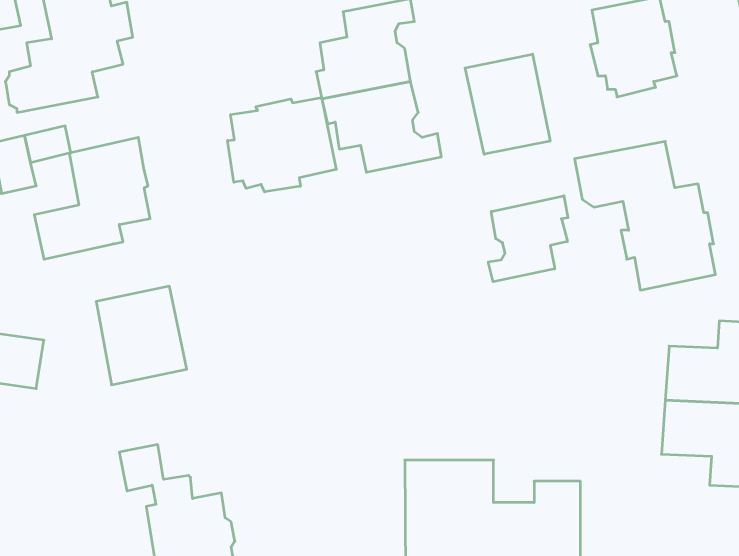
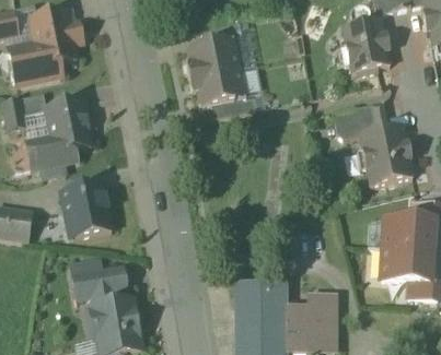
building: [465,54,550,154] -> none
building: [228,98,336,192] -> none
building: [488,196,568,282] -> none
building: none -> [72,259,126,292]

